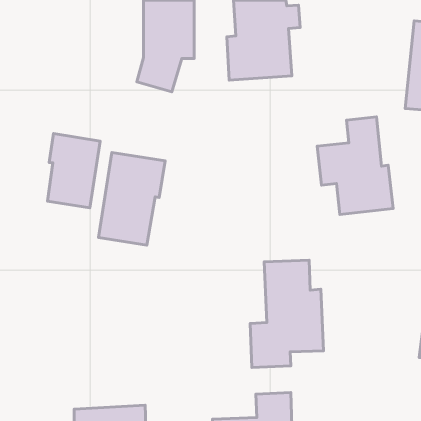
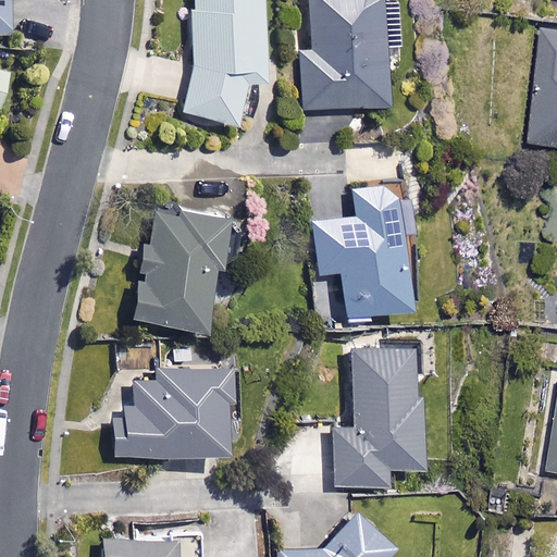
building: [317,117,393,214] -> [315,187,414,314]
building: [47,134,100,208] -> none
building: none -> [112,366,227,456]

